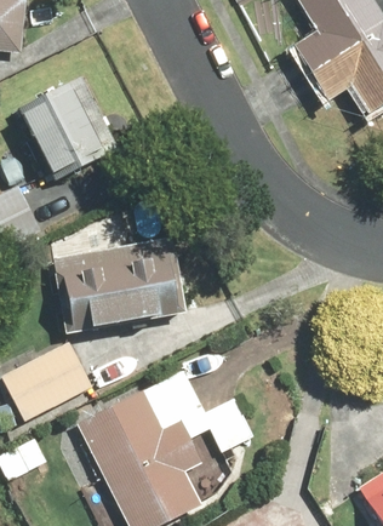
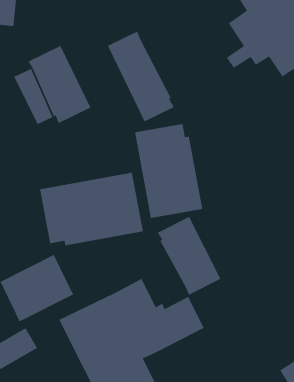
building: none -> [107,30,175,122]
building: none -> [134,123,203,219]
building: none -> [157,216,221,296]

